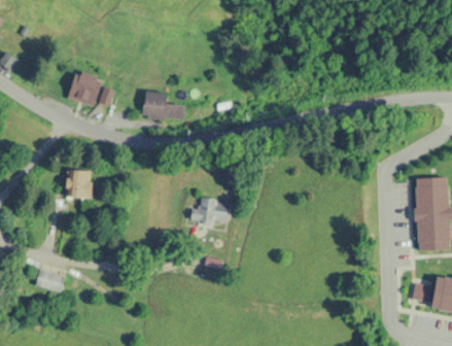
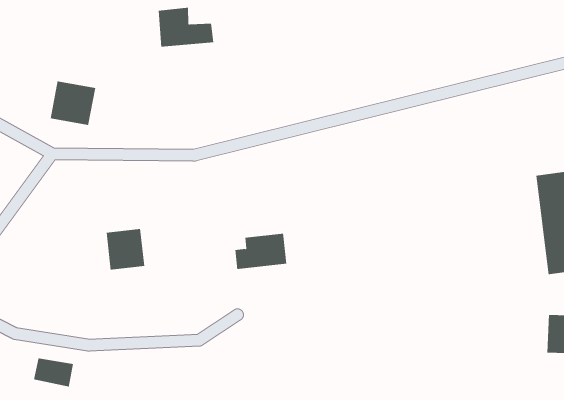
building: [144,92,183,119] -> [158,7,214,47]
building: [67,170,93,198] -> [106,228,145,270]

